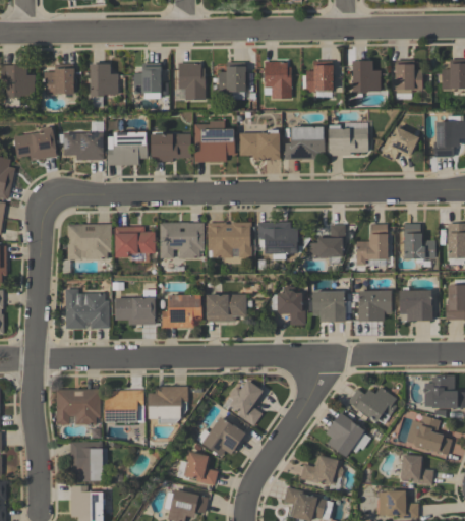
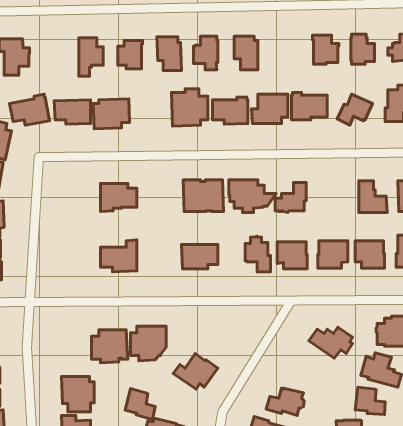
building: [305,60,334,91] -> none
building: [44,64,74,95] -> none
building: [152,133,191,161] -> none
building: [160,222,205,258] -> none
building: [68,224,112,259] -> none
building: [356,224,388,265] -> none
building: [65,288,110,328] -> none
building: [162,294,201,327] -> none
building: [229,380,264,425] -> none
building: [57,389,101,424] -> none
building: [326,412,364,456] -> none
building: [184,451,218,485] -> [125,388,155,419]

